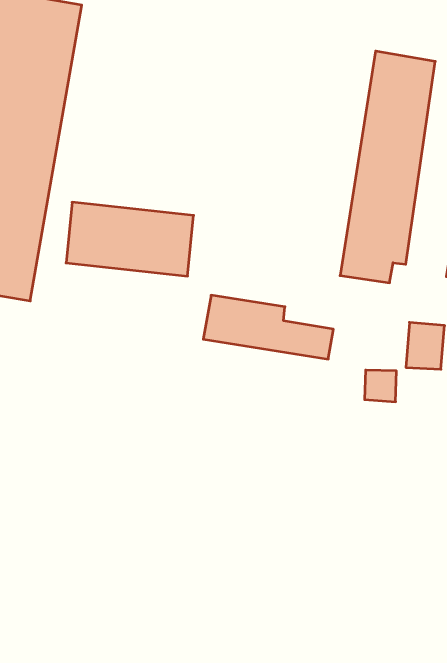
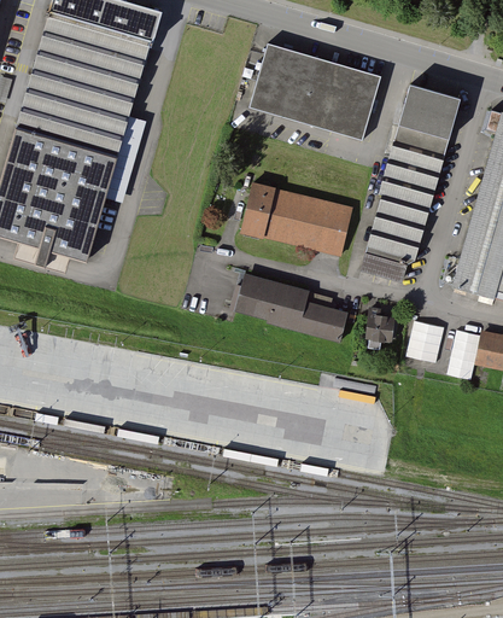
building: none -> [247,42,381,141]
building: [66,202,194,276] -> [239,182,353,257]
building: [365,370,396,402] -> [367,308,397,338]

